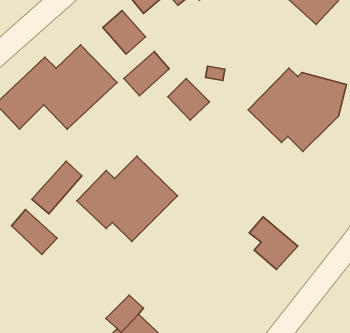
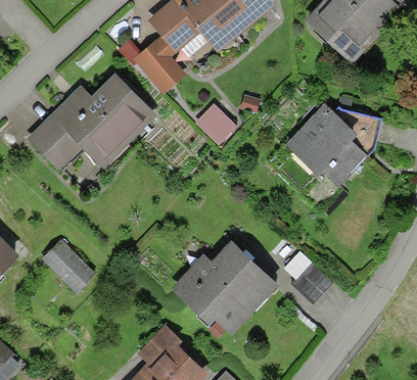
building: [124,52,169,96] -> none
building: [77,156,177,242] -> [173,242,274,328]
building: [32,161,82,214] -> none

